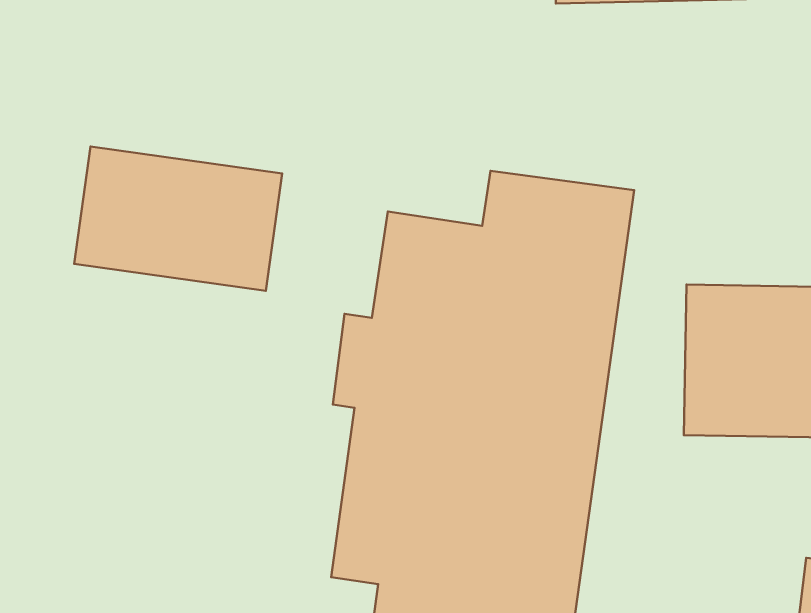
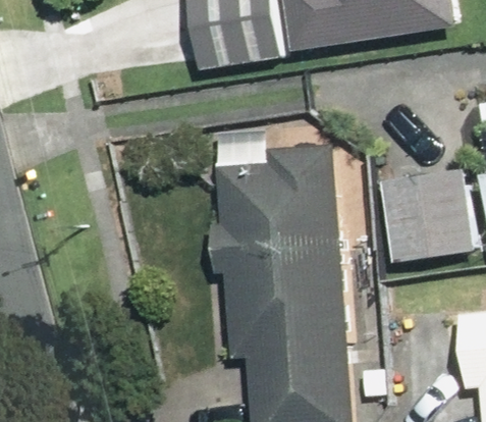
building: [74,147,282,291] -> none

